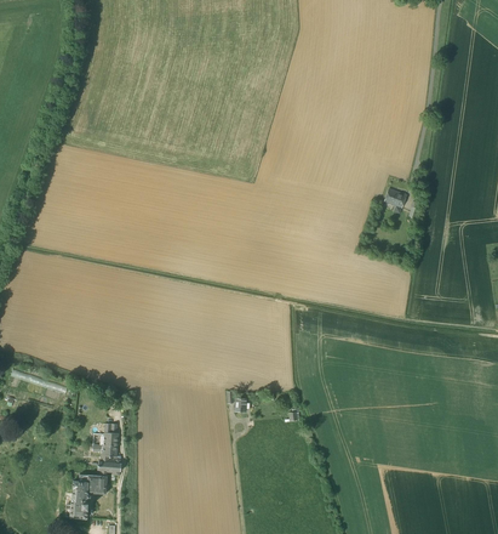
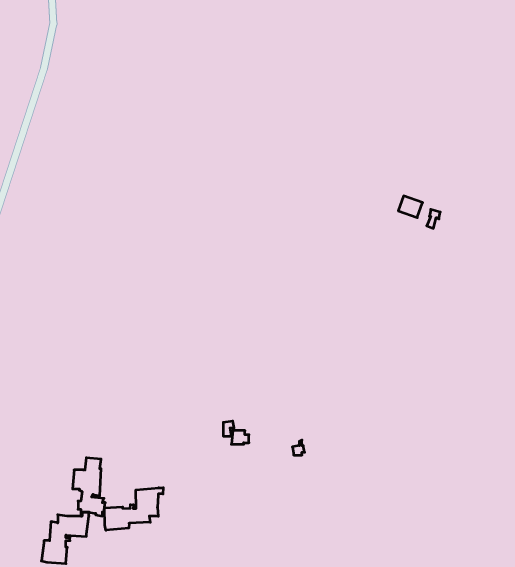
building: none -> [104,488,163,530]

